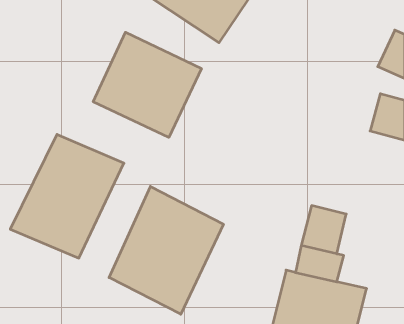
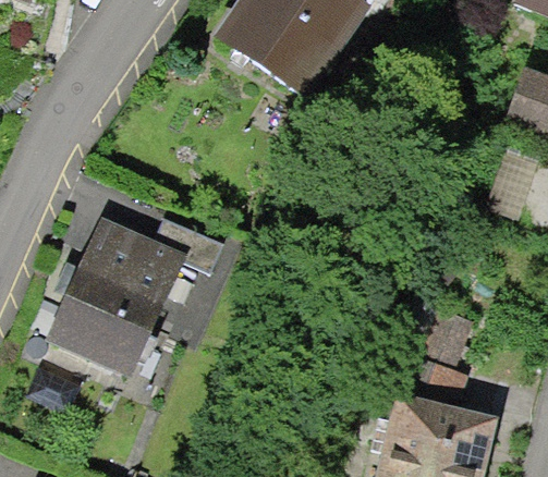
building: [93,32,201,137] -> none
building: [109,186,223,314] -> none

